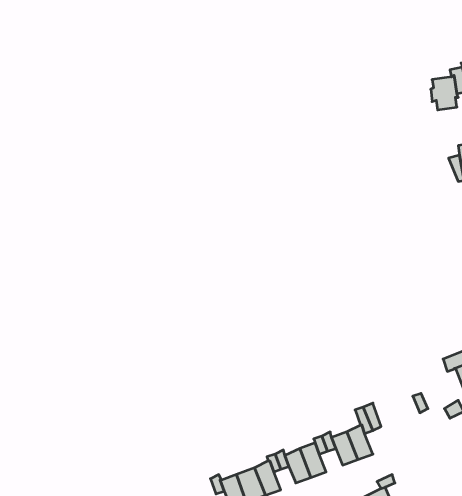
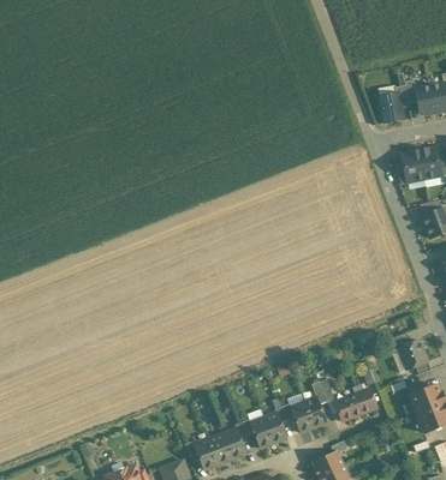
building: none -> [334,389,376,421]

